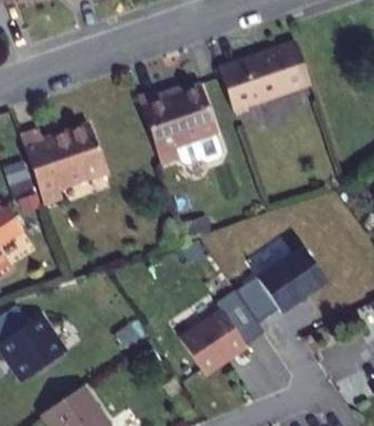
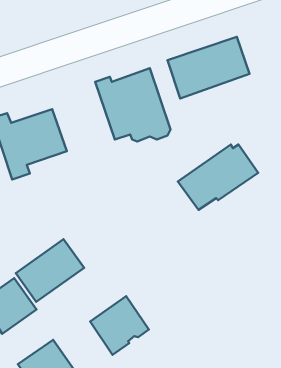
building: [239,247,330,321] -> [178,144,258,210]
building: none -> [16,239,84,302]
building: [184,308,250,374] -> [90,296,149,355]

